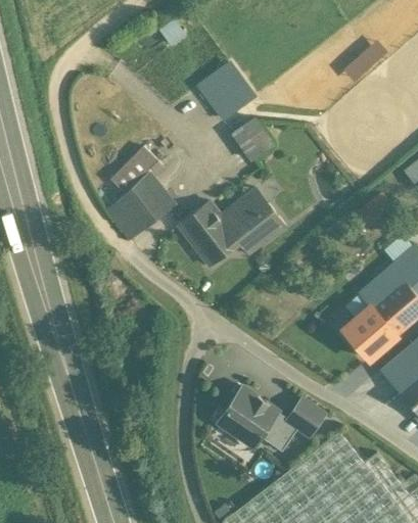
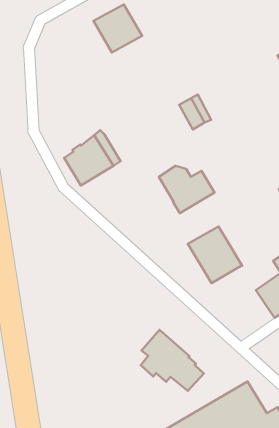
building: [197,62,253,117] -> [94,4,142,52]
building: [118,149,162,190] -> none
building: [177,200,240,265] -> [188,226,242,283]
building: [285,397,324,435] -> none

